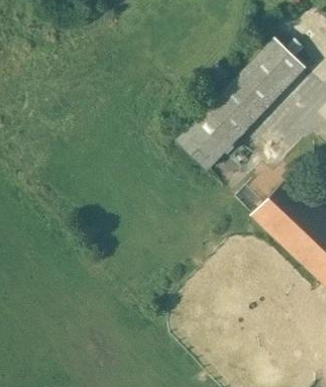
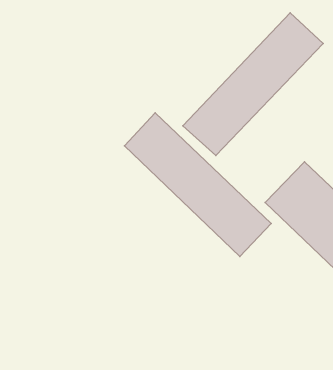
building: none -> [125,113,271,256]

